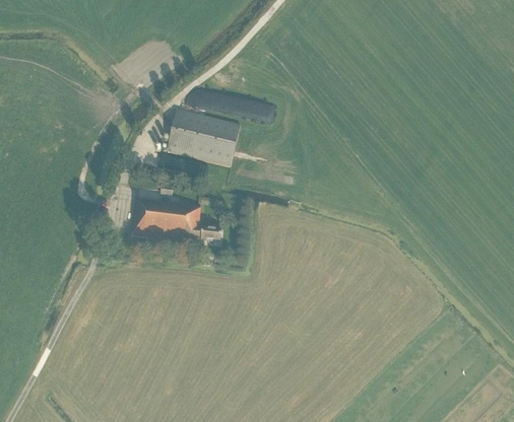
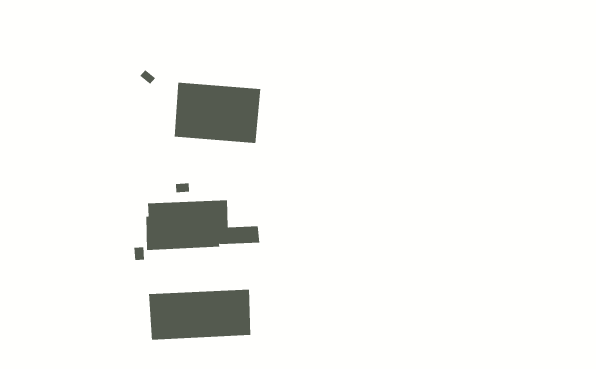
building: none -> [148,289,251,340]

